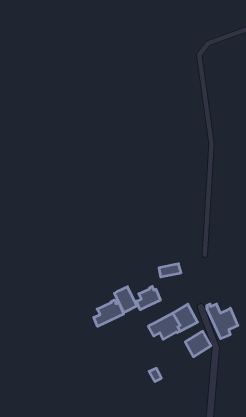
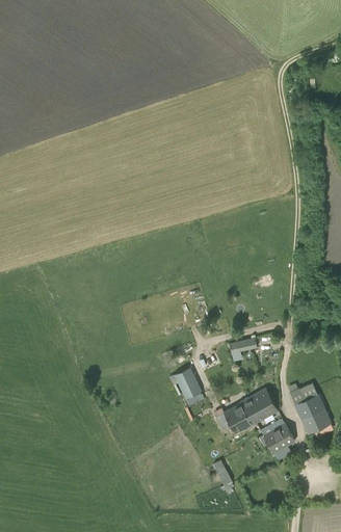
building: [137,286,160,310] -> none
building: [94,300,124,326] -> none

